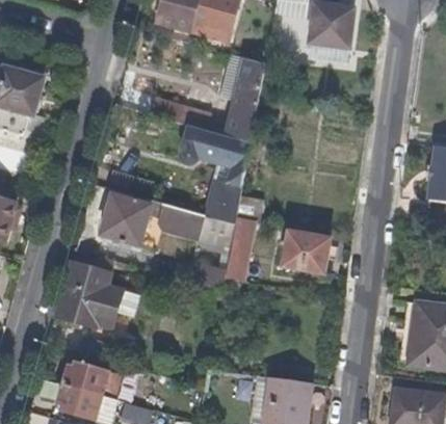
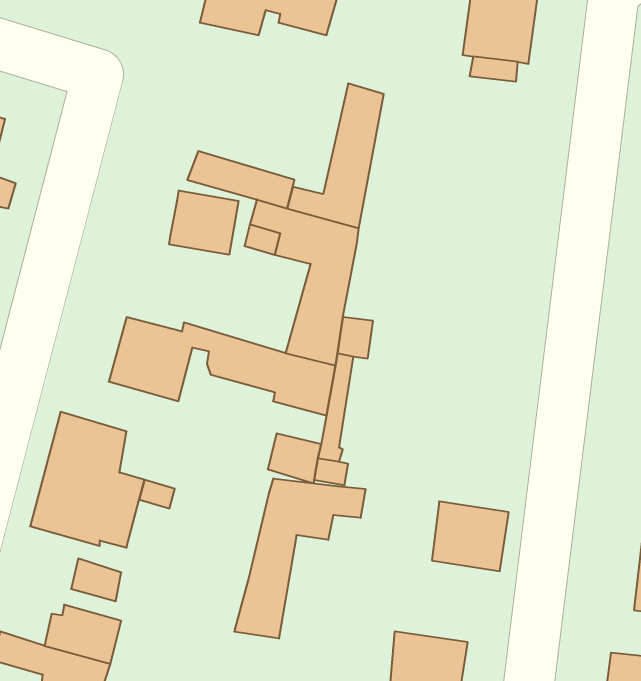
building: none -> [169,190,238,255]
building: [284,232,329,272] -> [432,501,509,571]
building: none -> [234,478,365,639]

